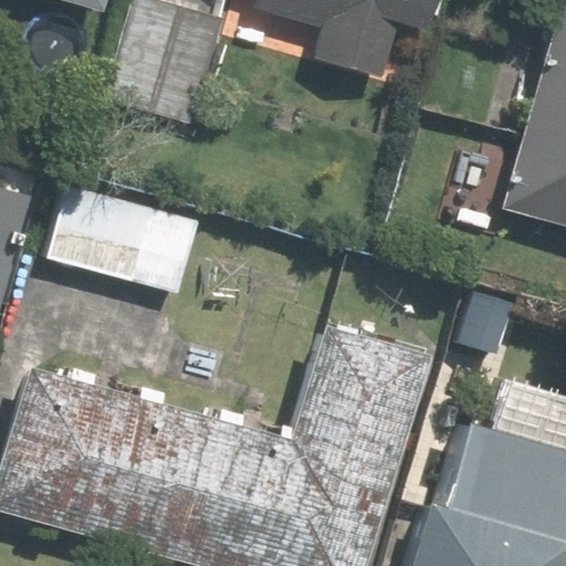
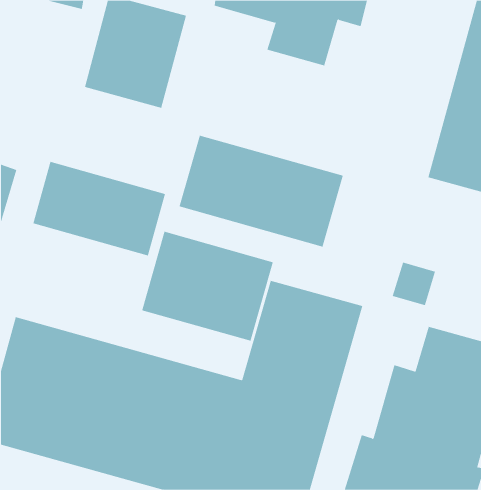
building: none -> [179,135,344,248]
building: none -> [141,231,273,342]

